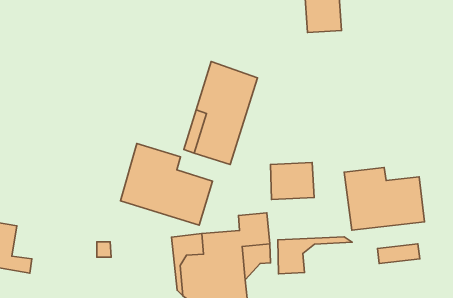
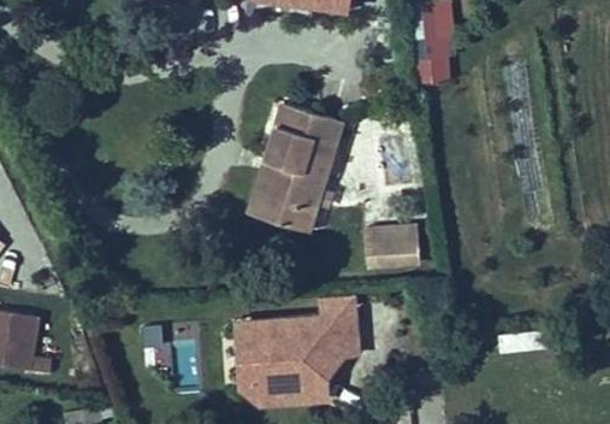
building: [120,143,213,225] -> none
building: [344,167,425,230] -> none
building: [278,237,352,274] -> none

